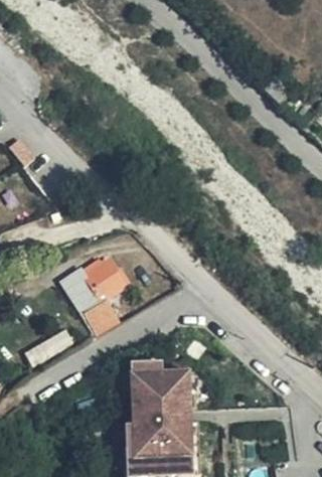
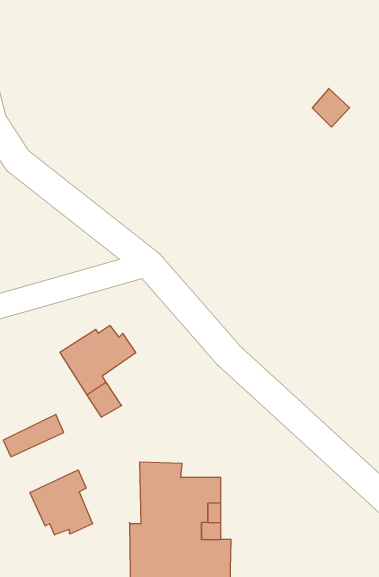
building: none -> [30,470,92,535]

